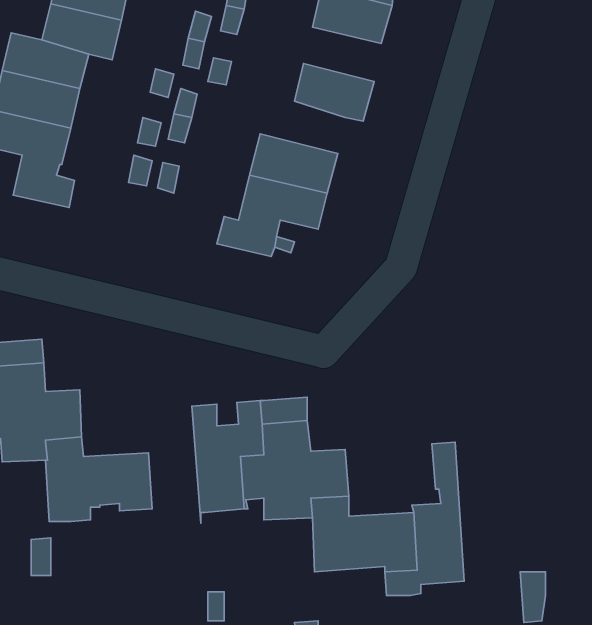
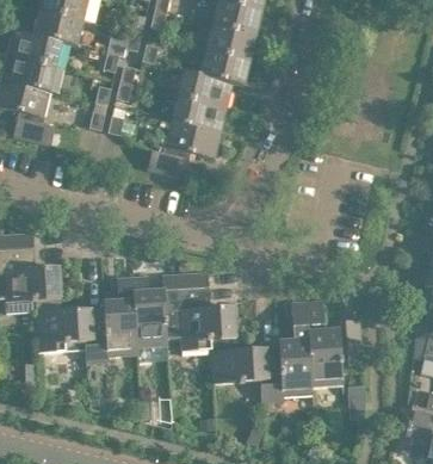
building: none -> [205,25,256,61]
building: none -> [177,70,233,109]
building: none -> [83,276,137,361]
building: none -> [305,298,363,391]

